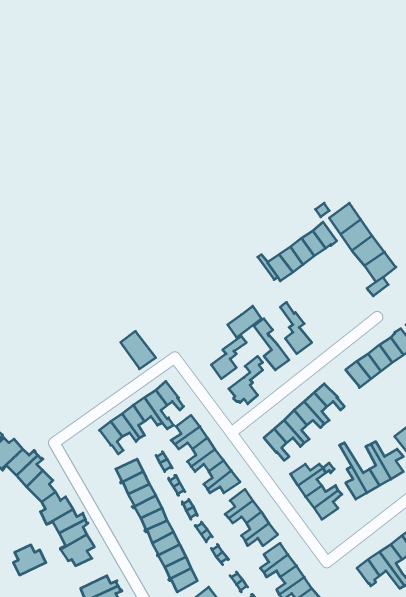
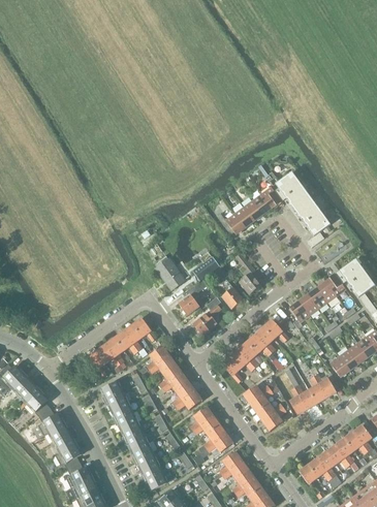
building: [121,331,156,369] -> [156,258,185,289]
building: [13,545,46,575] -> [66,463,93,487]

